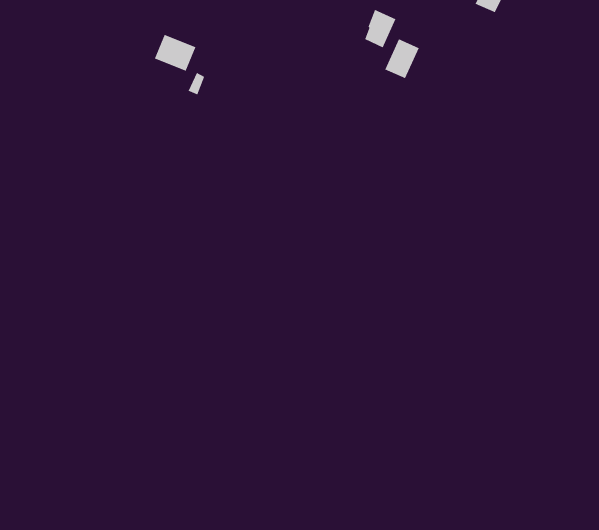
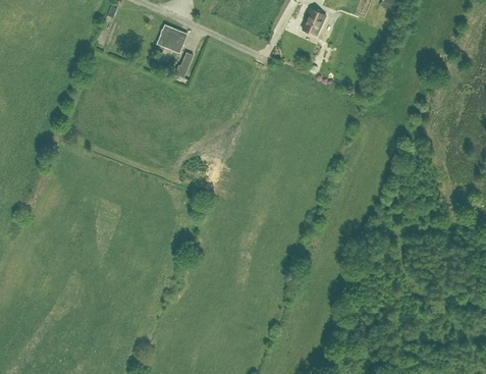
building: [384,38,420,79] -> none

